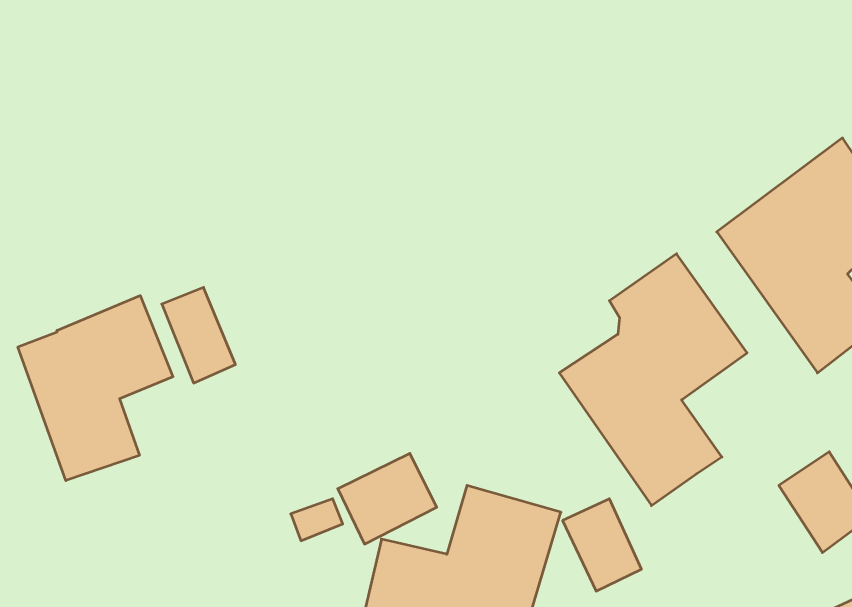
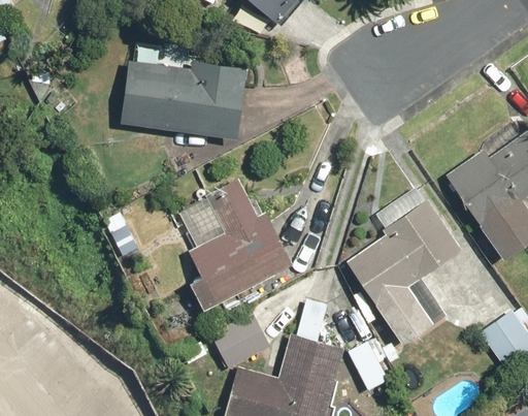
building: none -> [119,41,248,136]
building: none -> [179,177,295,312]
building: [18,296,173,481] -> none

